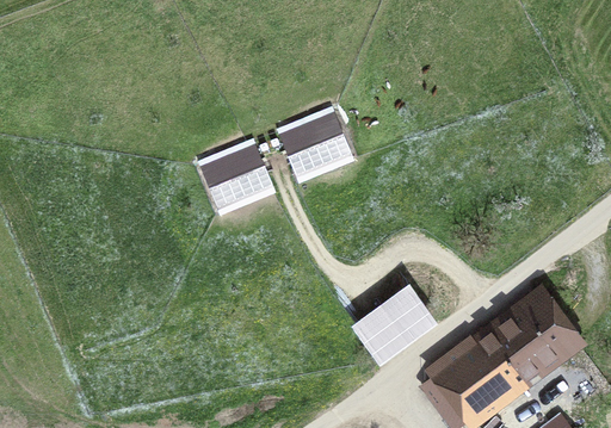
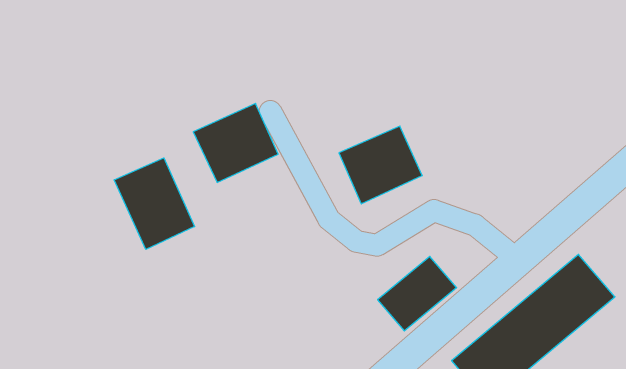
building: [278,112,353,181] -> [339,126,422,204]
building: none -> [114,158,195,249]

